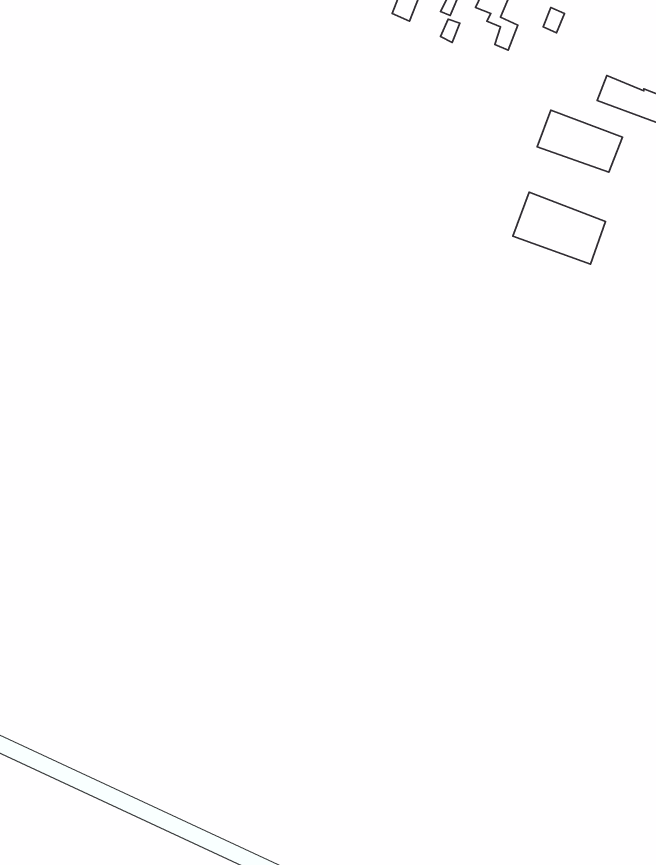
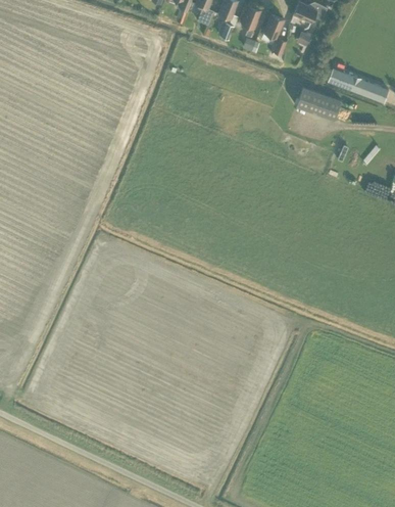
building: [513,192,605,264] -> none

